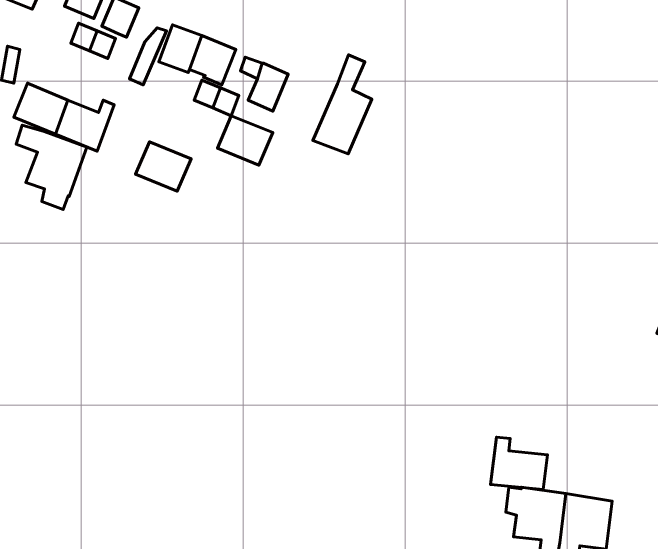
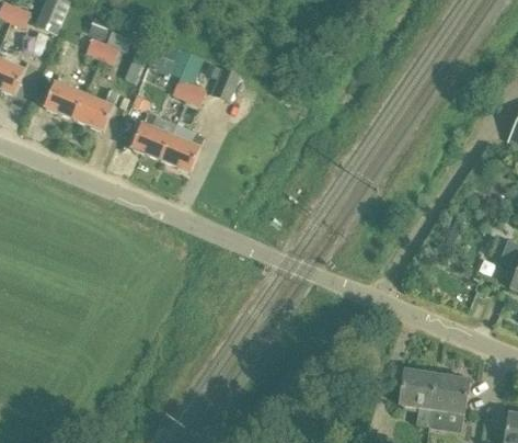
building: [313,55,372,154] -> none
building: [217,116,273,165] -> [161,135,200,170]
building: [16,125,87,209] -> none
building: [491,437,548,489] -> none

